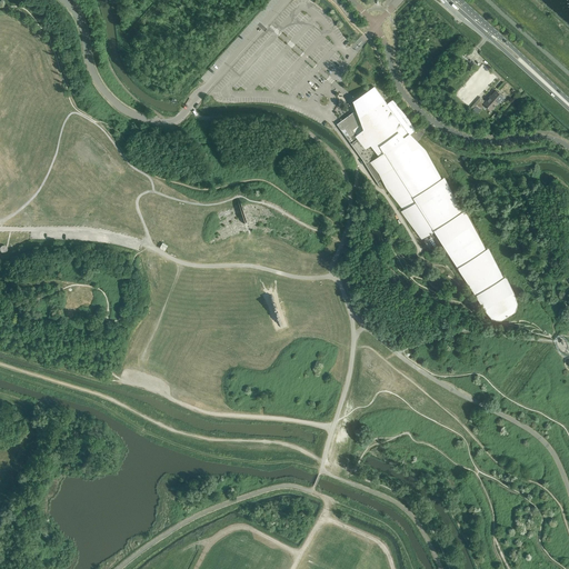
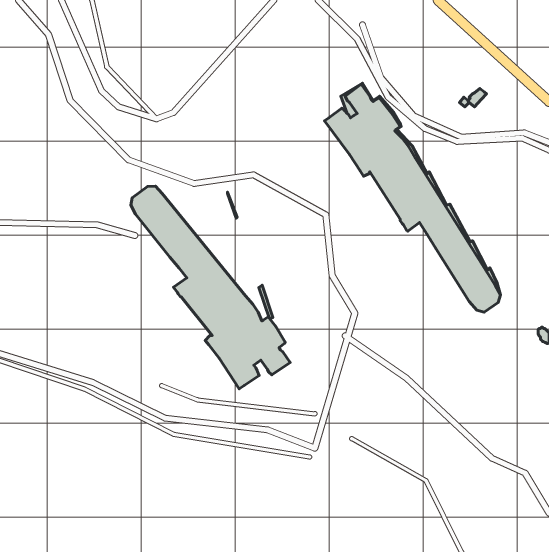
building: none -> [131,186,290,389]

